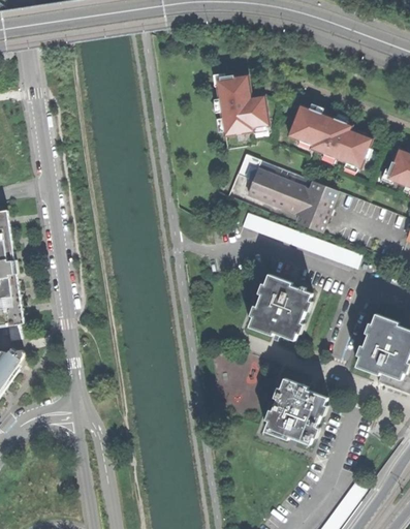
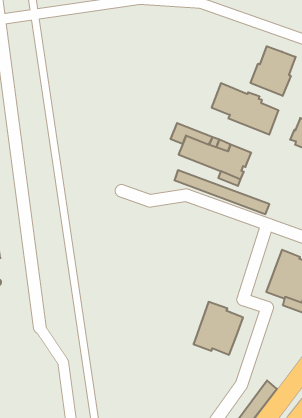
building: none -> [251,46,296,96]
building: [216,74,269,135] -> none
building: [248,273,311,339] -> none

